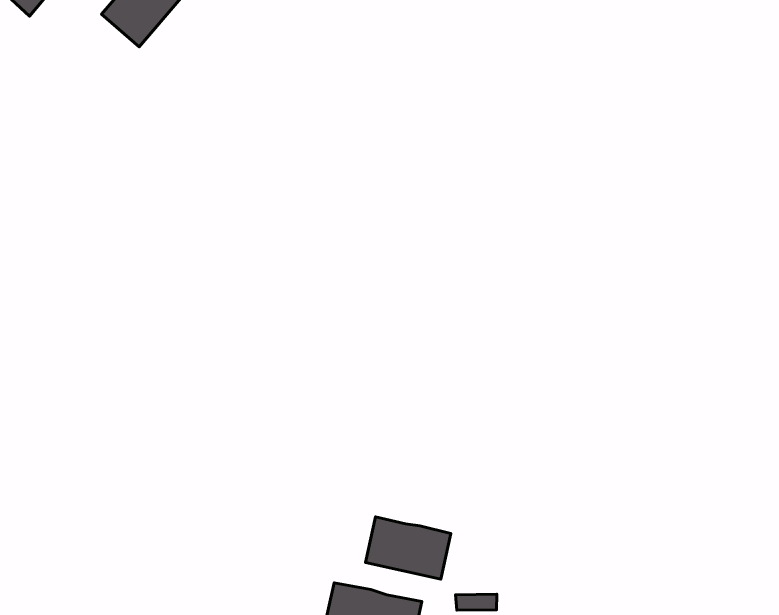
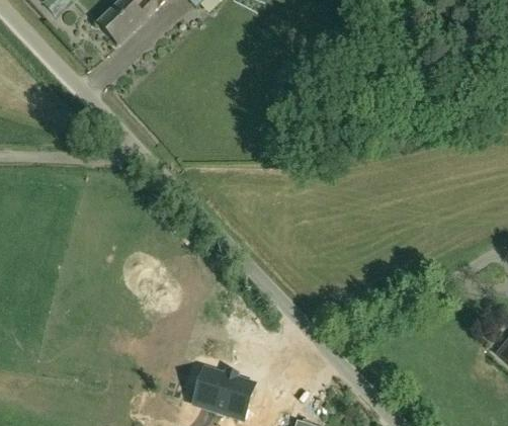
building: [366,517,451,579] -> none

